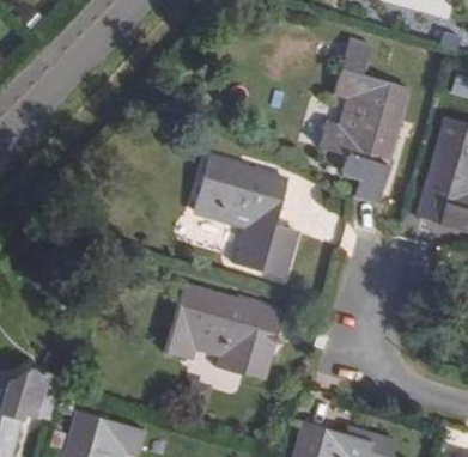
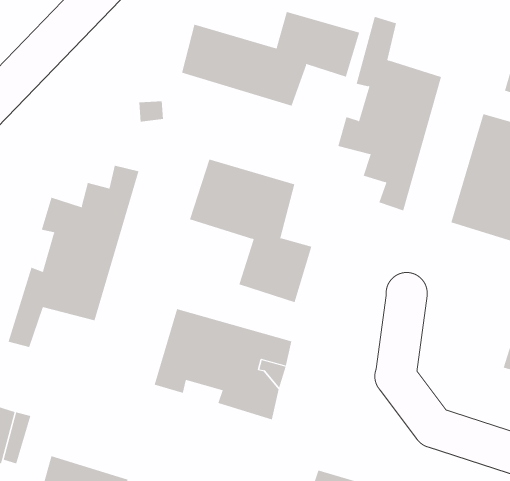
building: none -> [181,11,360,107]
building: none -> [8,165,139,348]

